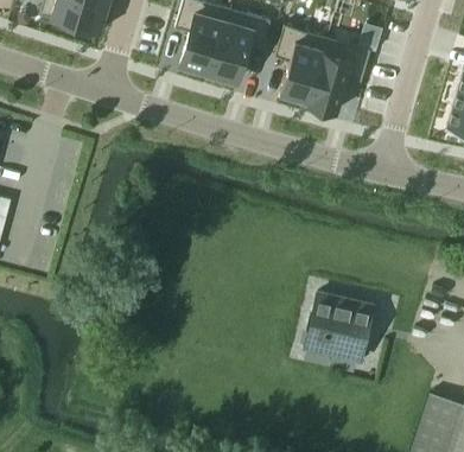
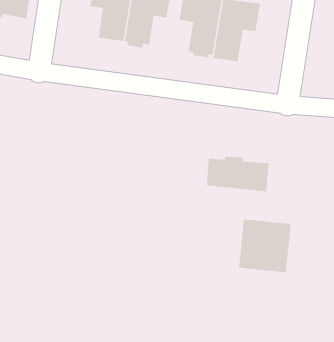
building: none -> [206,156,270,192]

